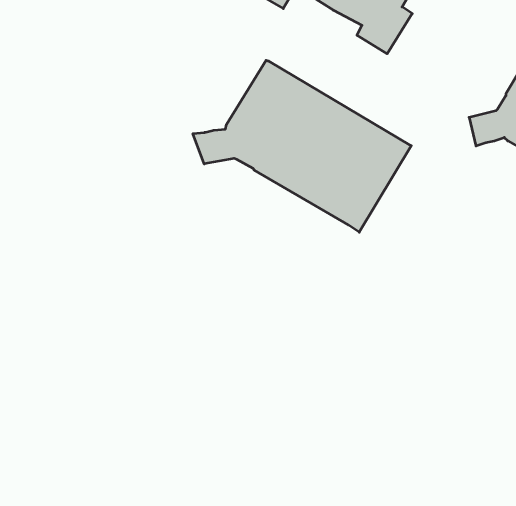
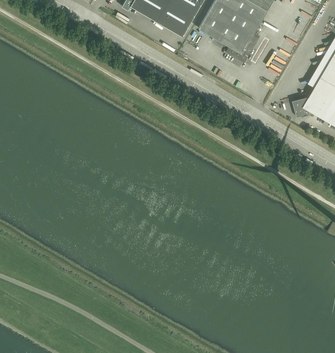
building: [193,60,411,232] -> none

